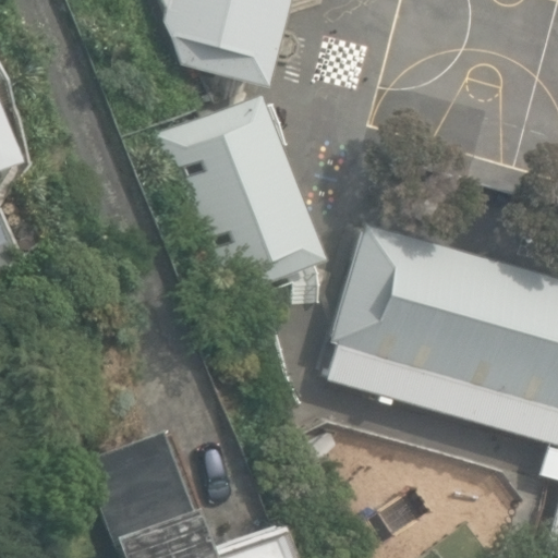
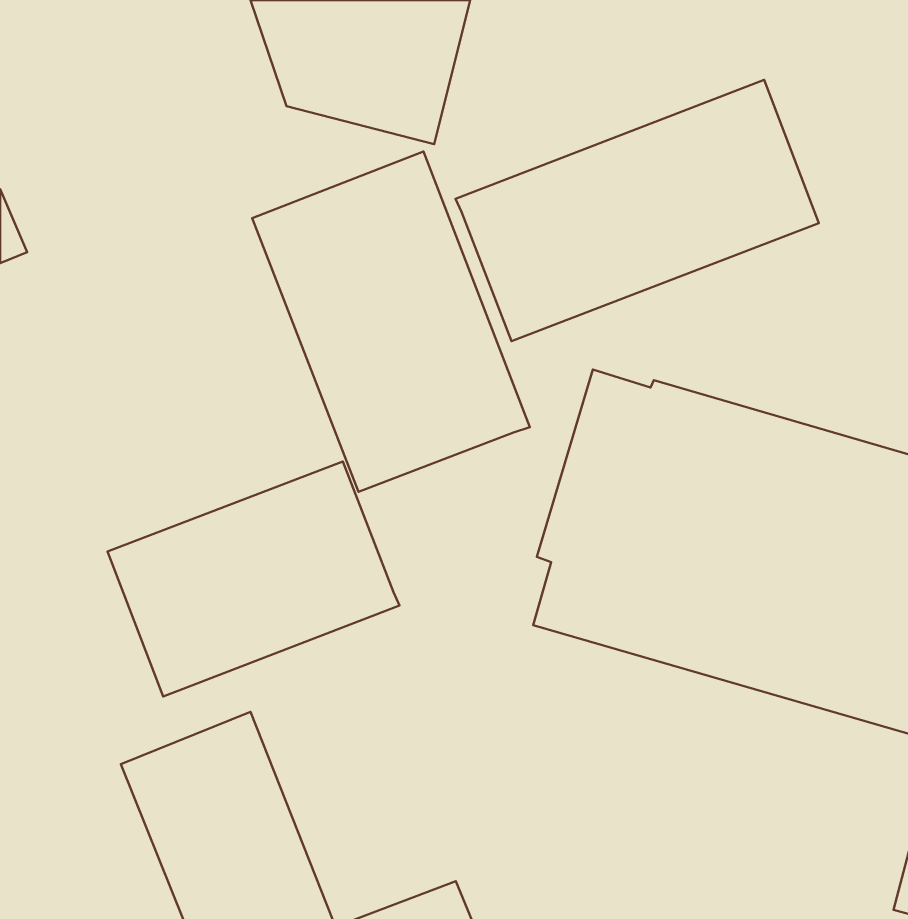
building: none -> [456,80,819,341]
building: none -> [108,461,399,697]

